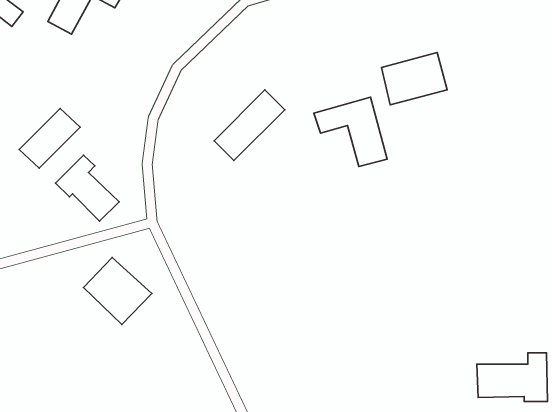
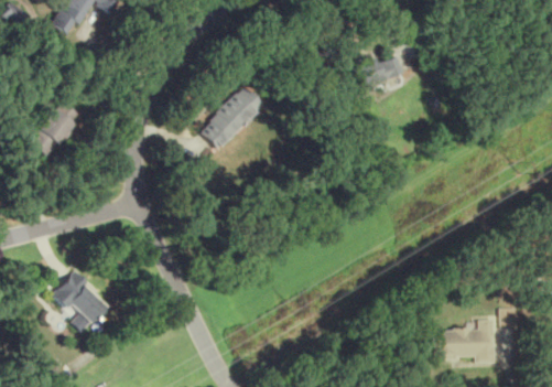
building: [314,97,387,167] -> none
building: [55,155,119,221] -> none
building: [84,258,152,325] -> [50,270,110,330]

